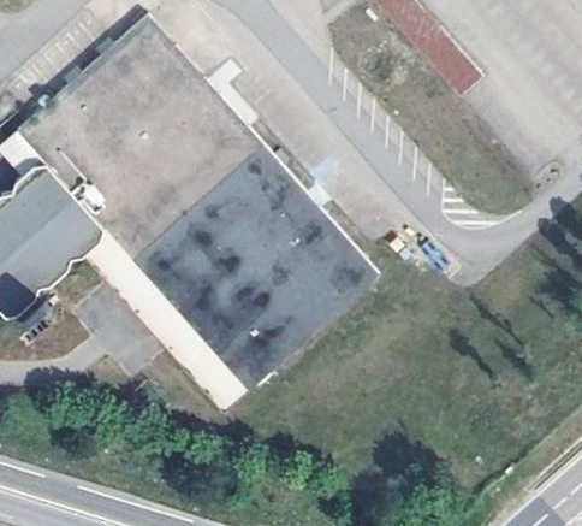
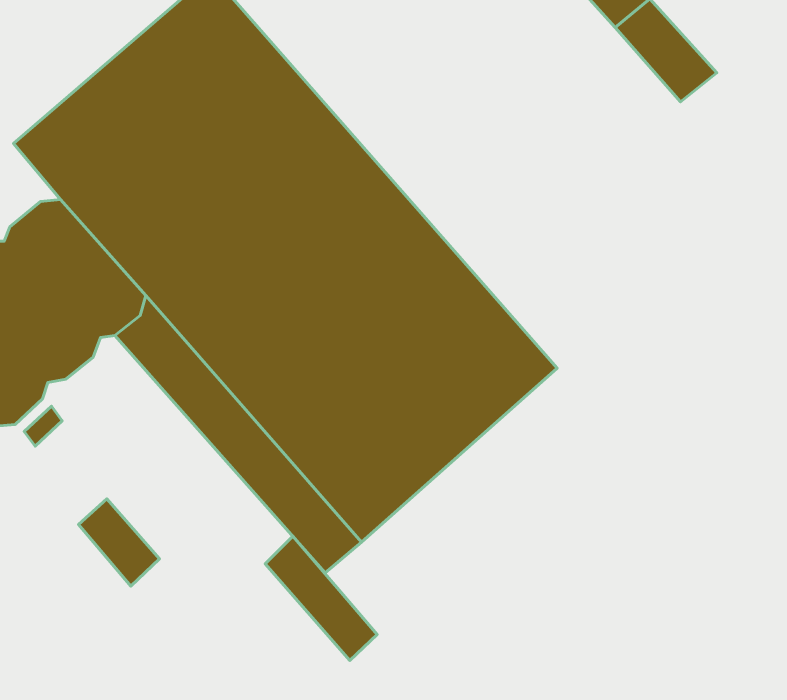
building: none -> [79,499,159,586]
building: none -> [265,536,377,660]

